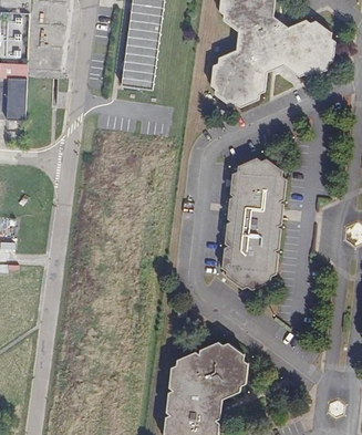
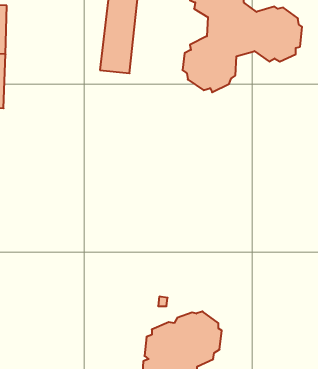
building: [219,152,287,284] -> none

